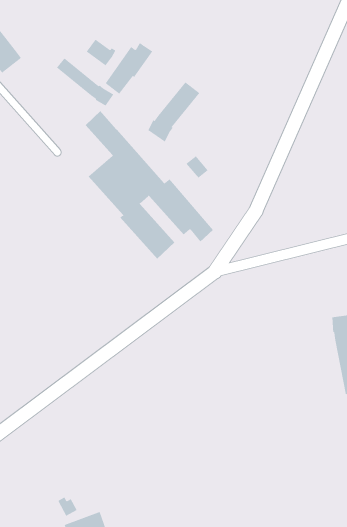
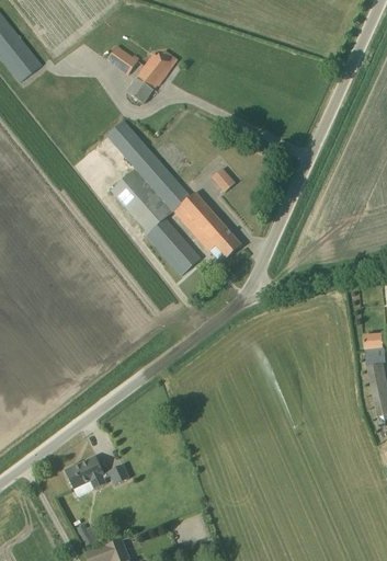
building: [56,58,114,107] -> none
building: [147,81,200,143] -> none
building: none -> [65,455,129,495]

